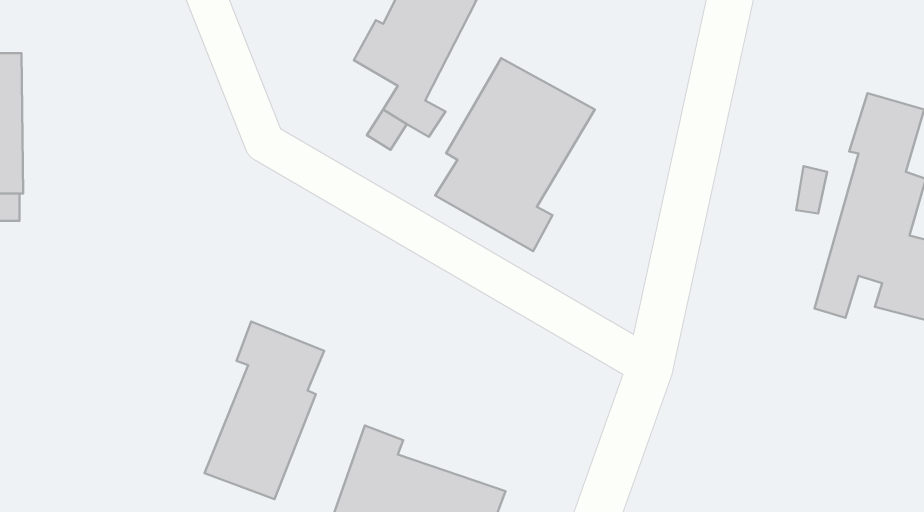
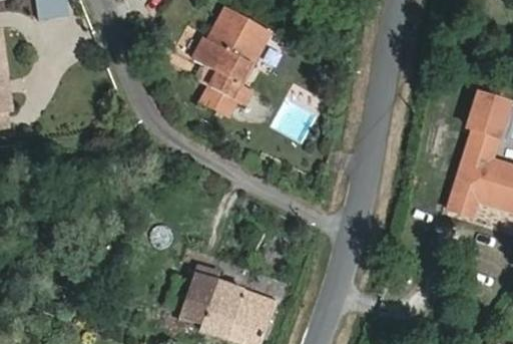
building: [435,58,595,251] -> none
building: [205,321,324,499] -> none

